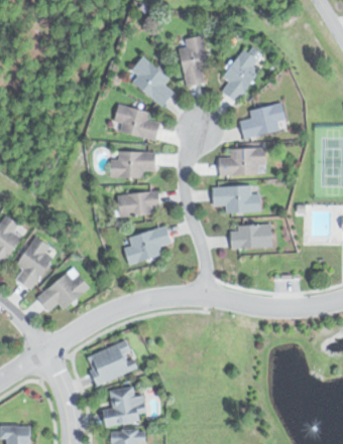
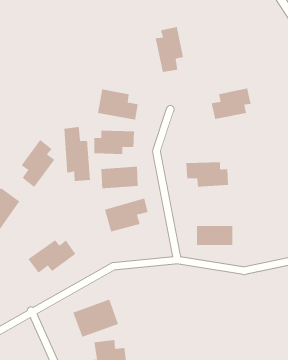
building: [222,48,261,103] -> none
building: [127,57,175,107] -> none
building: none -> [64,126,91,182]
building: [219,148,266,176] -> none
building: [231,227,272,249] -> [196,226,233,246]
building: [15,236,53,290] -> [21,139,55,188]

